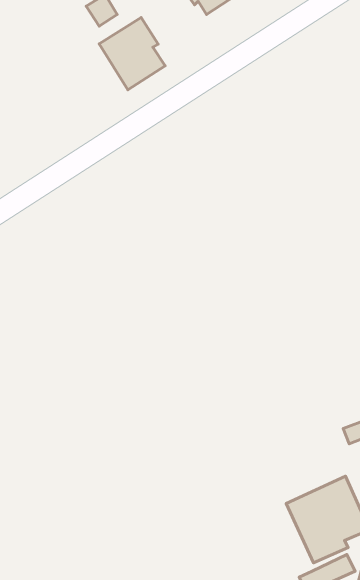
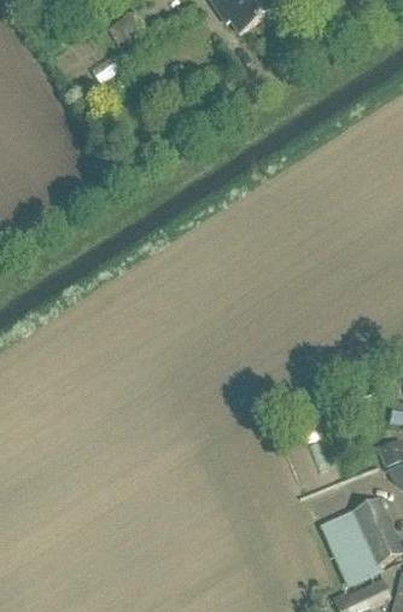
building: [99,18,165,90] -> none

